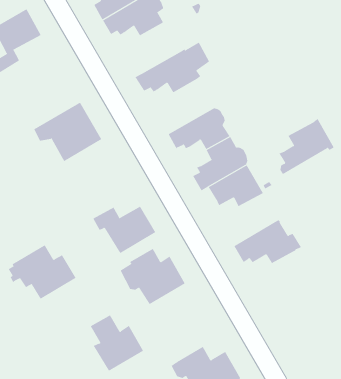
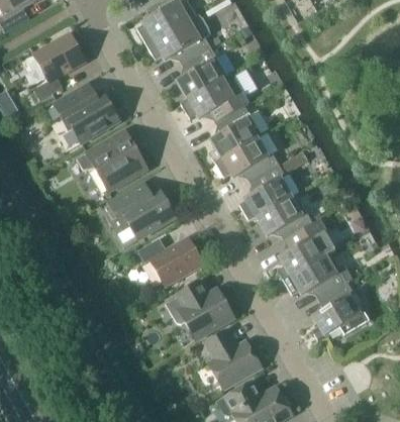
building: none -> [176,47,228,100]
building: none -> [54,83,118,141]
building: none -> [210,106,262,163]
building: [279,118,334,175] -> [278,219,335,278]
building: [8,245,76,299] -> [104,182,175,238]
building: none -> [312,282,369,341]
building: [90,315,144,371] -> [204,329,260,388]

